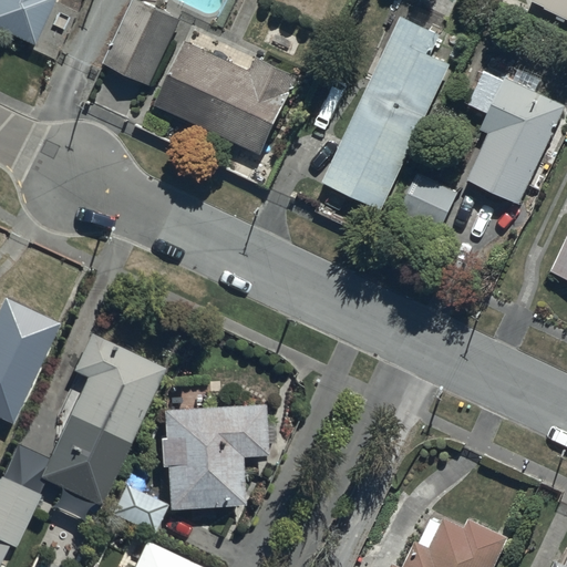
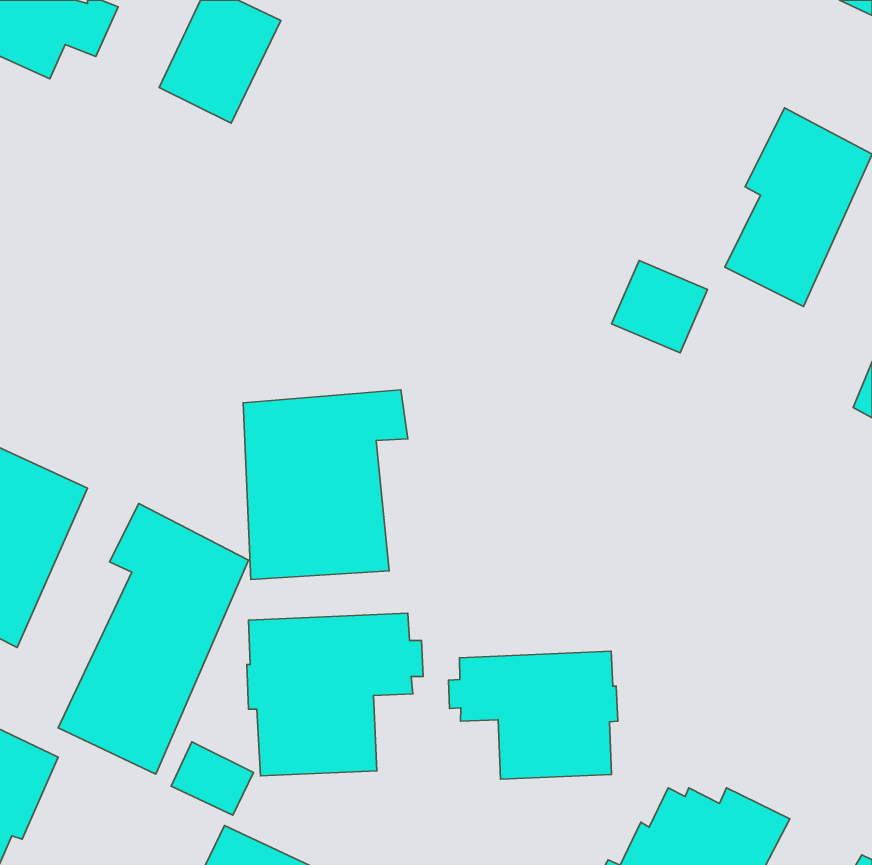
building: [322,13,452,207] -> none
building: [155,39,298,154] -> none
building: none -> [243,390,408,579]
building: none -> [449,651,618,779]

